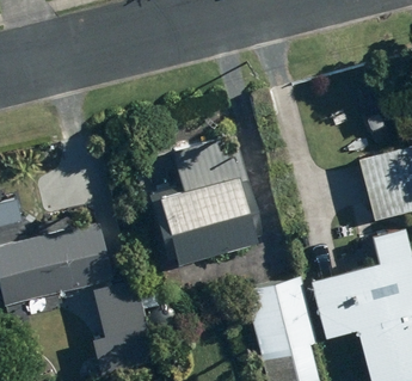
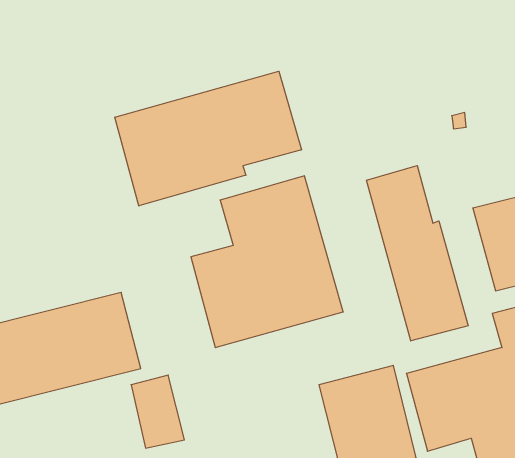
building: none -> [115,71,301,206]
building: none -> [367,166,468,341]

